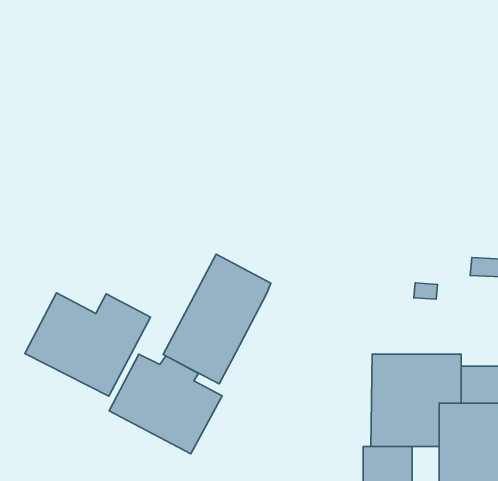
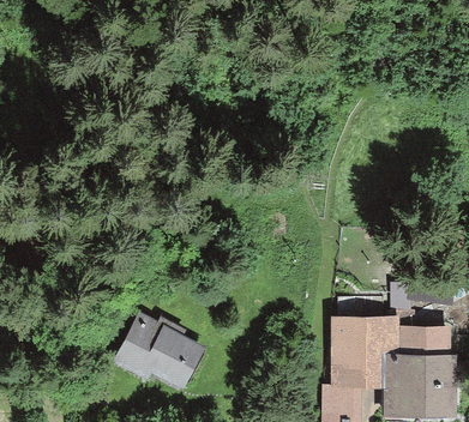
building: [163,254,271,384] -> none
building: [25,293,151,396] -> none

